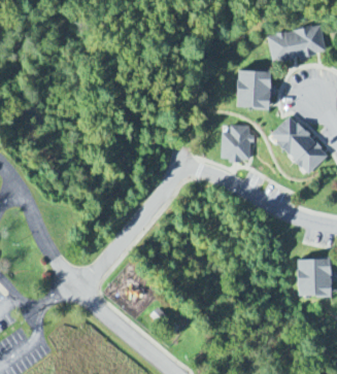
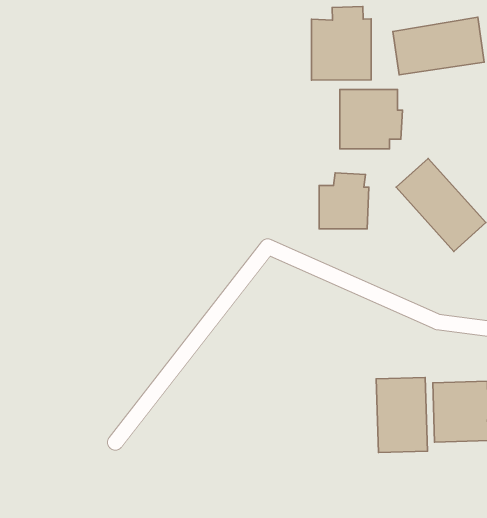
building: none -> [311,7,371,80]
building: none -> [376,377,427,452]

